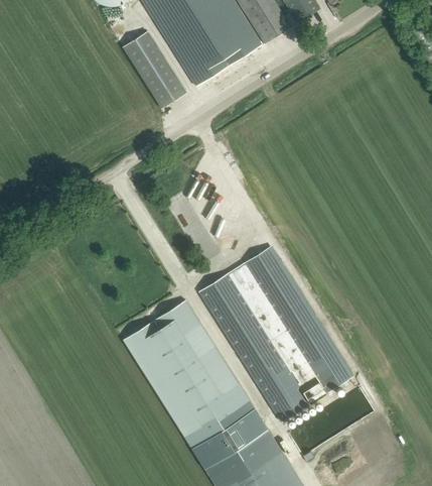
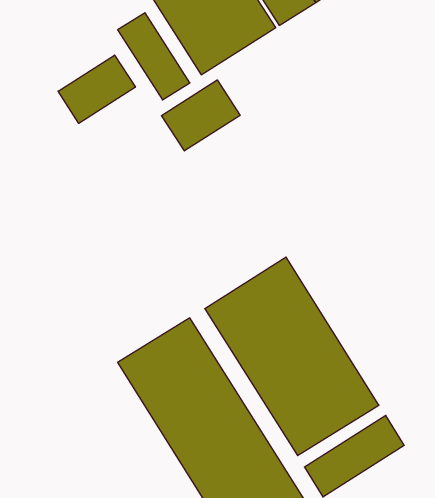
building: none -> [58,55,135,123]
building: none -> [161,80,240,151]

